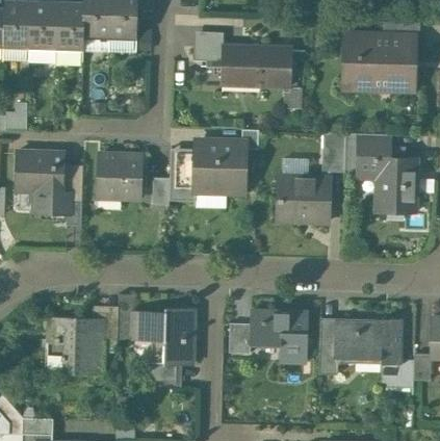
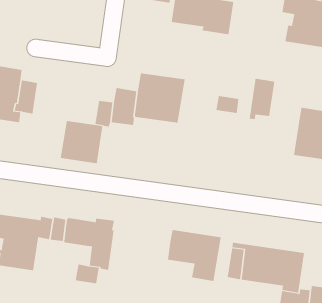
building: [357,133,387,174] -> none
building: [97,155,140,199] -> [60,121,103,164]
building: [276,177,329,222] -> none
building: [229,326,250,354] -> none

